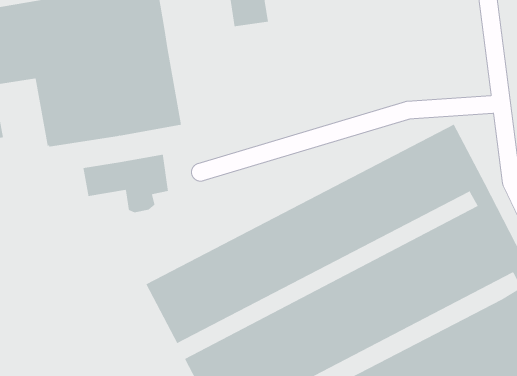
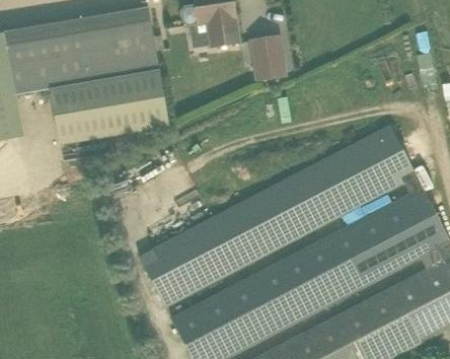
building: none -> [251,38,283,81]
building: [83,154,169,213] -> none

